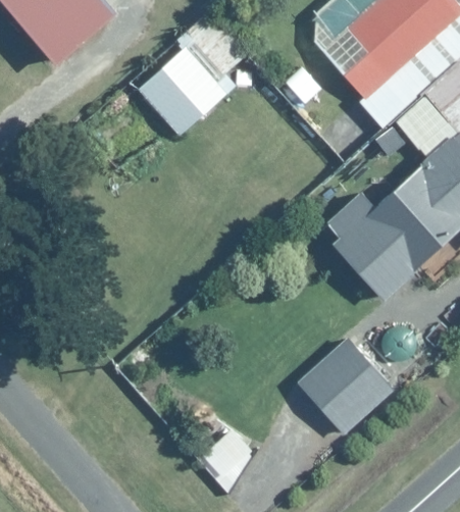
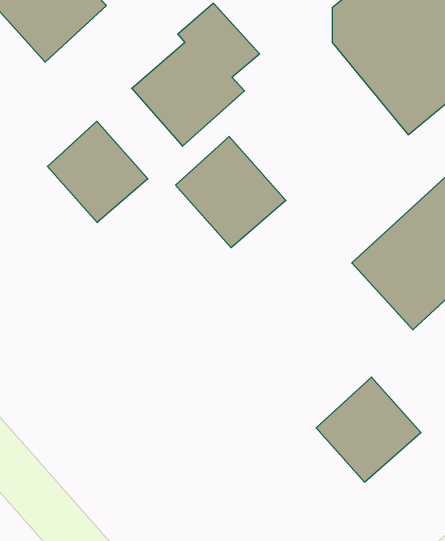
building: none -> [47,121,148,223]
building: none -> [176,136,286,248]

